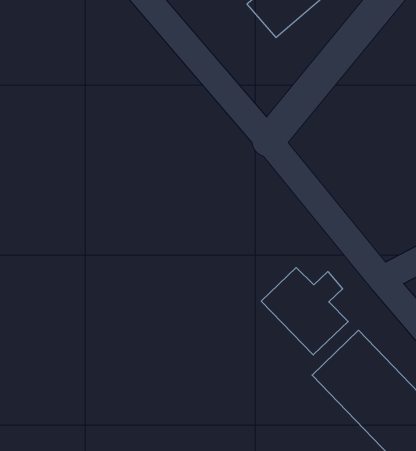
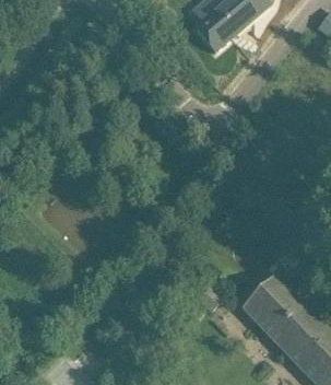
building: [261,268,348,355] -> none

